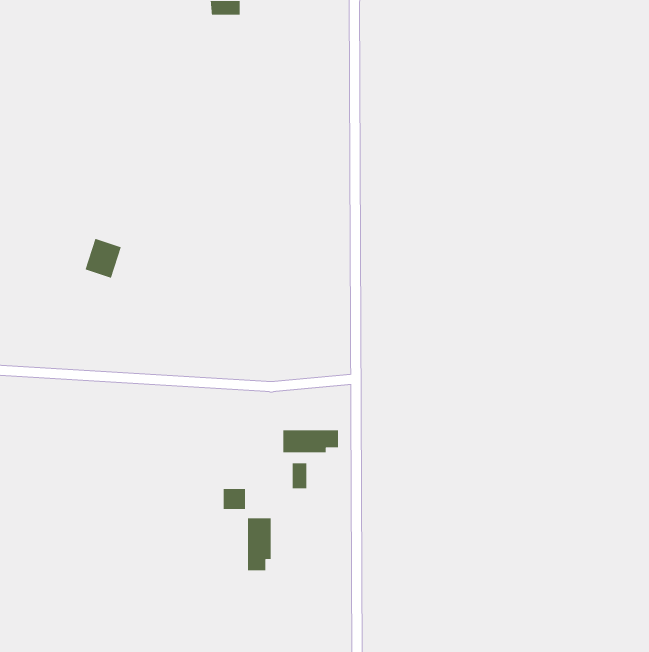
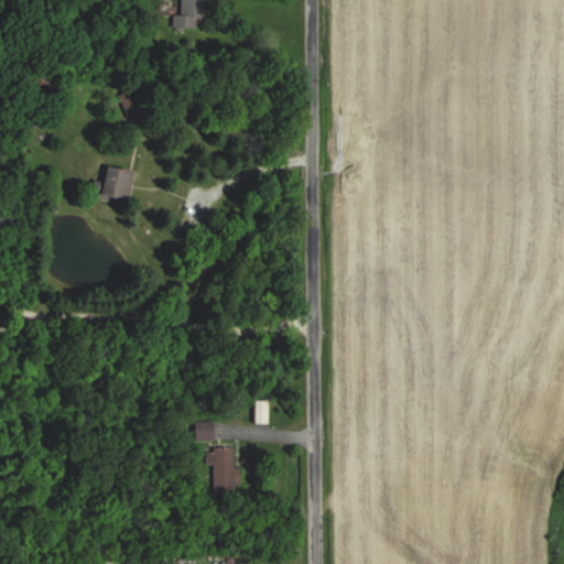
building: [85,238,122,279] -> [104,165,135,200]
building: [282,430,339,453] -> none

